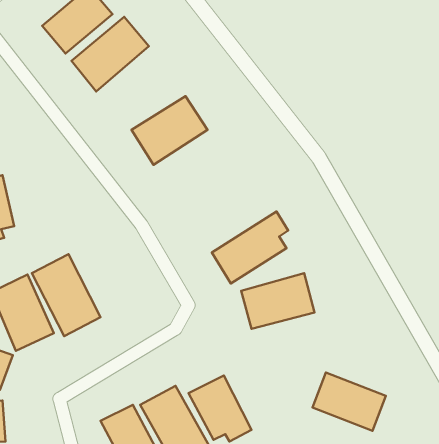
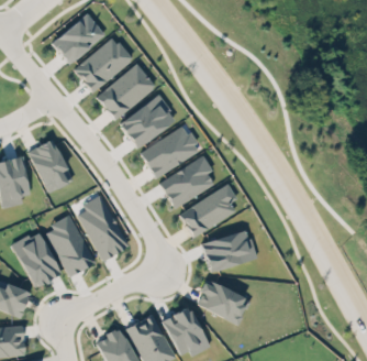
building: none -> [97,63,155,120]
building: none -> [141,125,200,178]
building: none -> [27,139,73,193]
building: none -> [159,155,214,207]
building: none -> [78,194,129,260]
building: [313,372,386,431] -> [194,280,249,324]

